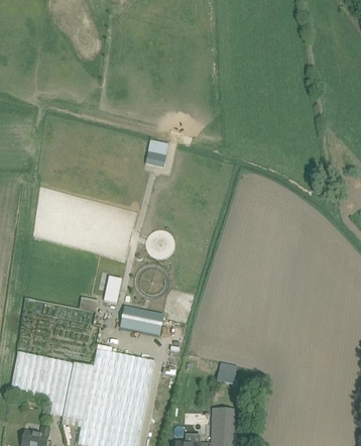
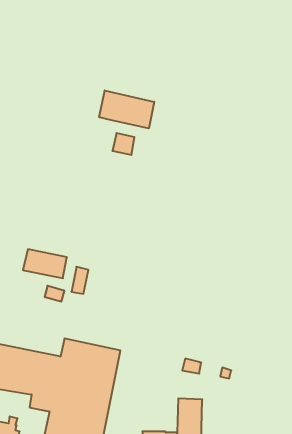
building: none -> [99,90,154,128]
building: [119,305,163,334] -> [23,249,67,278]

